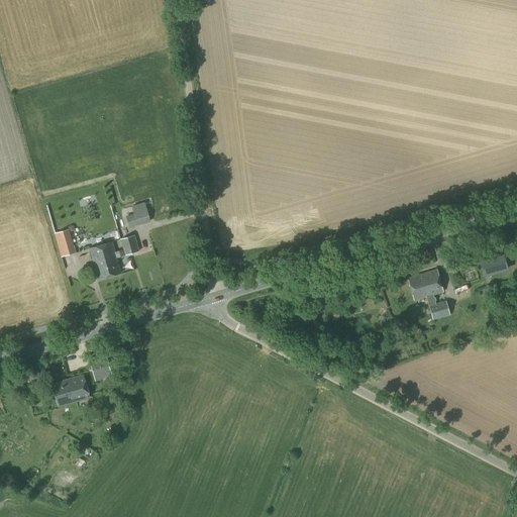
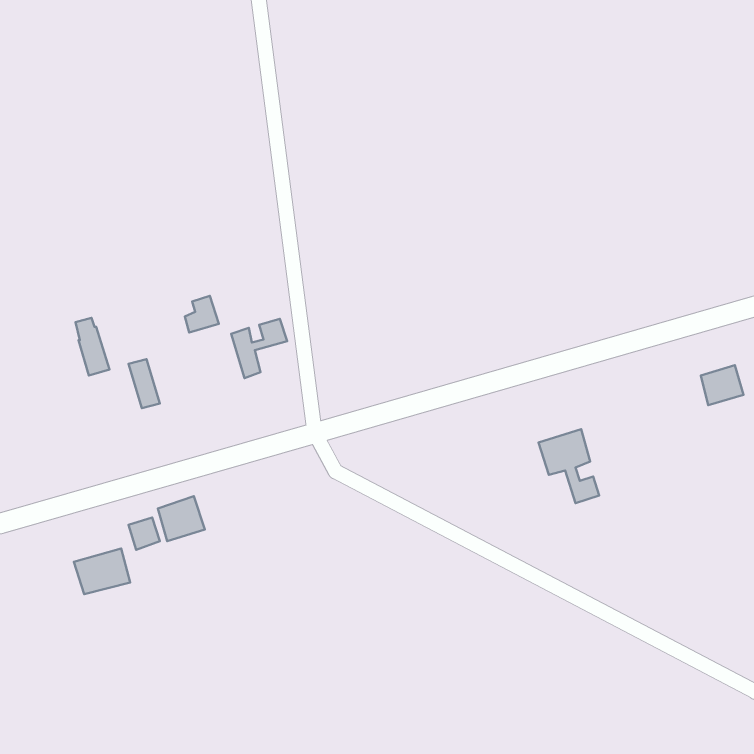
building: [101,235,139,276] -> [231,319,287,378]
building: [408,269,449,319] -> [538,429,599,503]
building: none -> [158,496,205,541]

